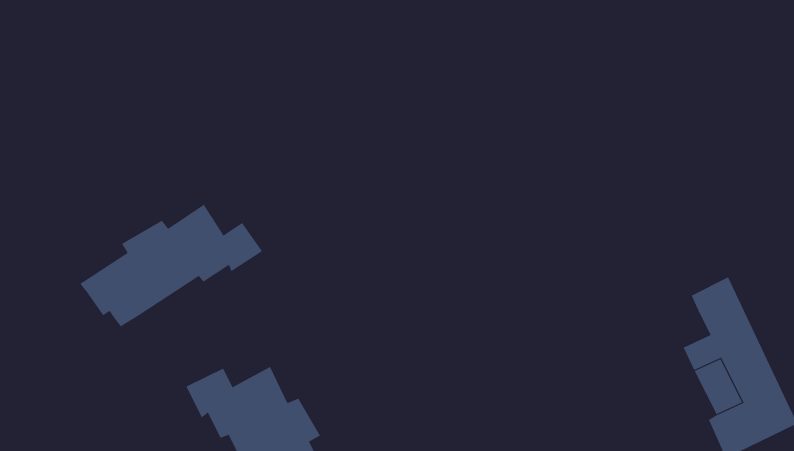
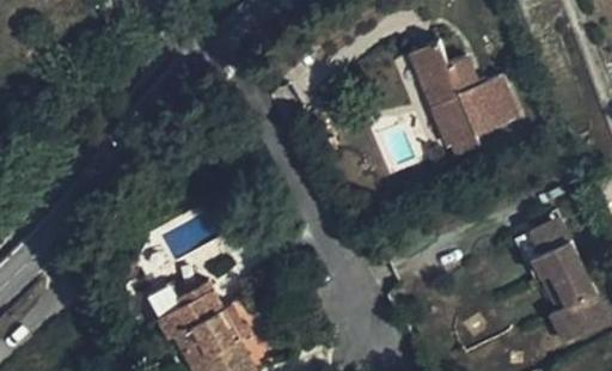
building: none -> [410,39,518,145]
building: [79,204,263,327] -> none

